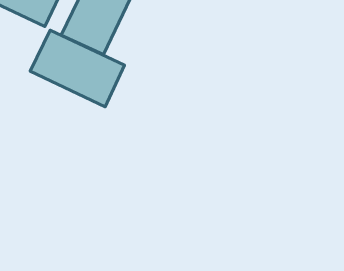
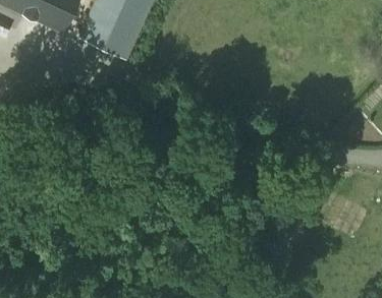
building: [30,30,125,107] -> none

